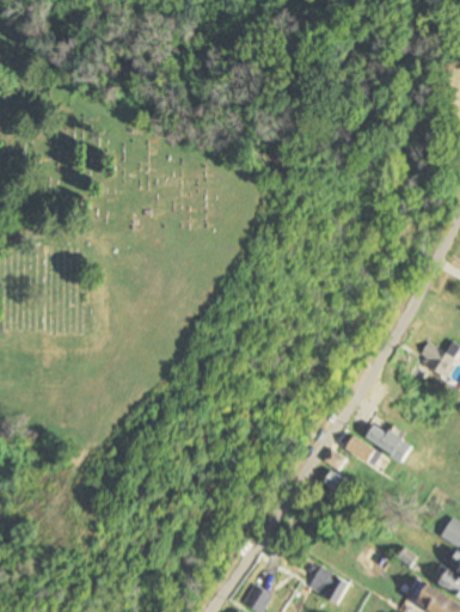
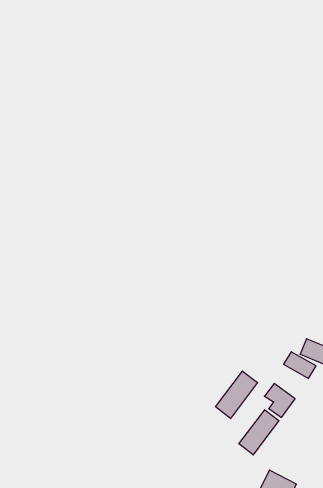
building: none -> [216,371,258,419]
building: none -> [239,410,279,455]

